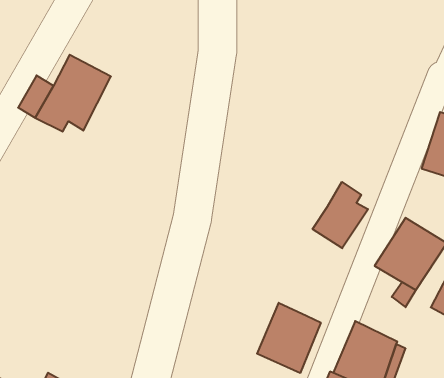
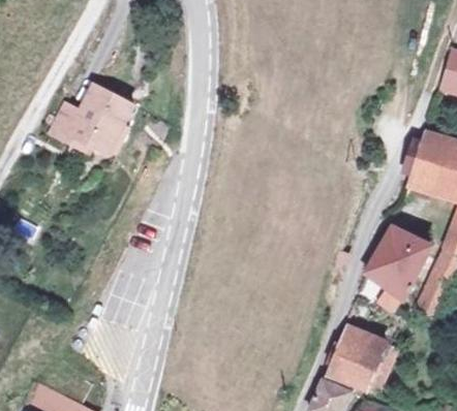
building: [313,182,368,248] -> none
building: [257,303,321,373] -> none

